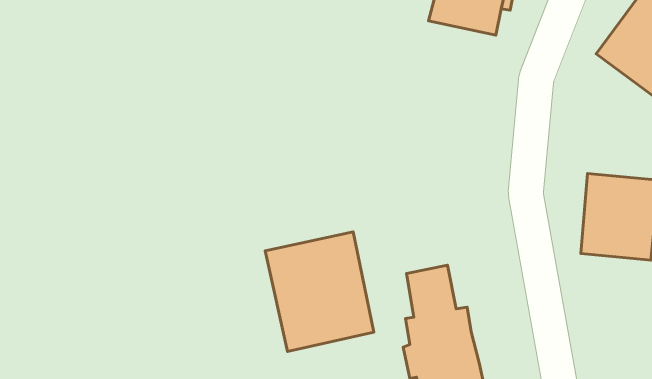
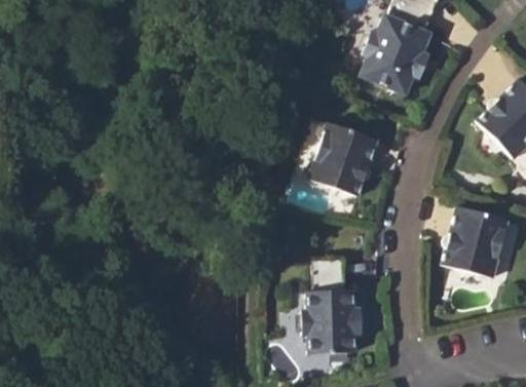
building: none -> [309,124,378,198]
building: [265,232,374,351] -> none

